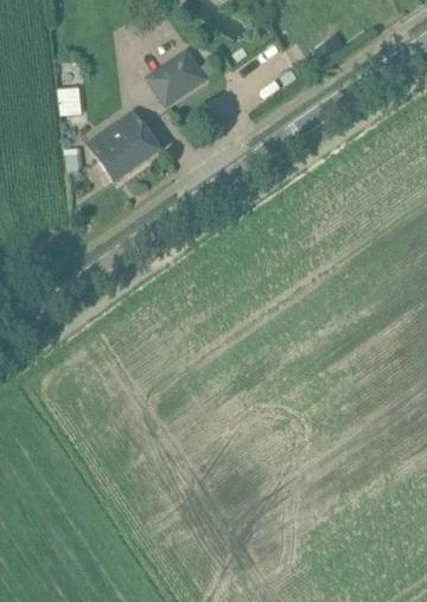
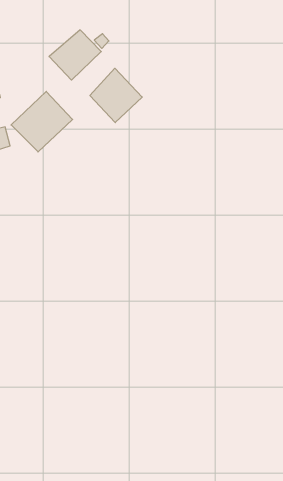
building: none -> [90,68,142,123]

